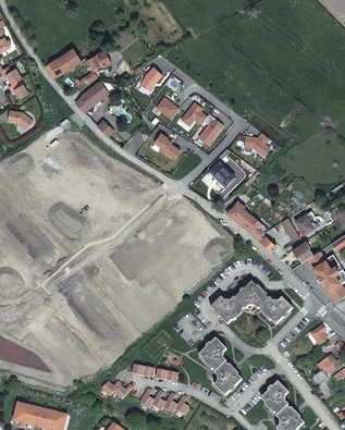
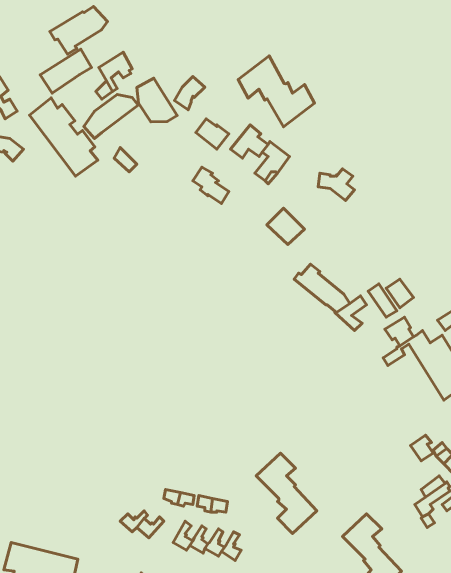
building: none -> [50,7,108,54]
building: none -> [238,56,315,127]
building: none -> [137,78,177,122]
building: none -> [30,98,98,176]
building: [211,282,293,325] -> none

